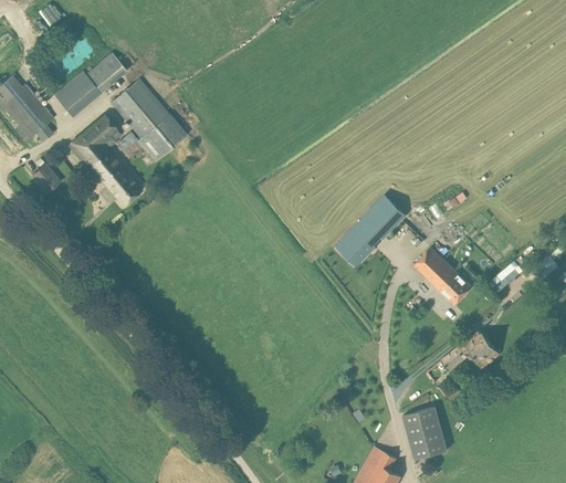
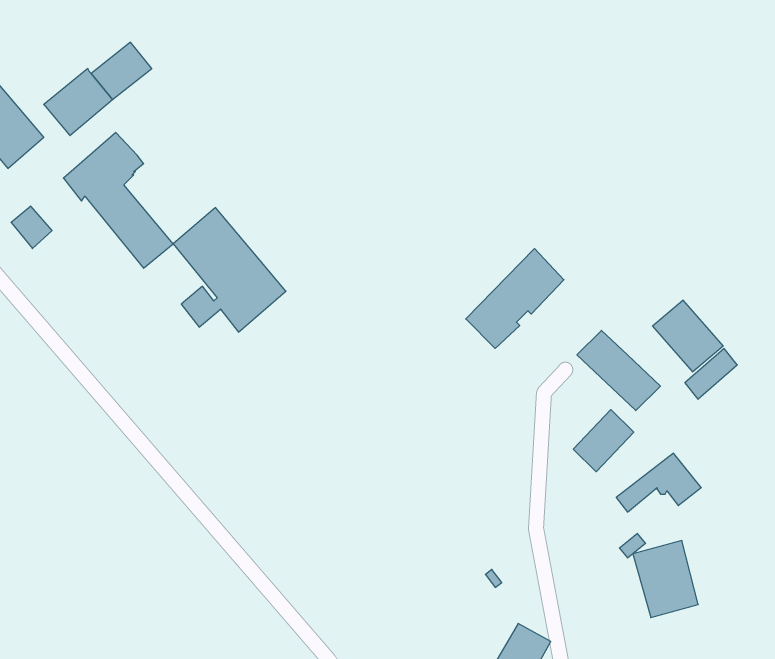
building: [111,78,187,162] -> [173,208,286,332]
building: none -> [653,300,723,372]
building: none -> [573,410,634,472]
building: [402,408,447,460] -> [633,541,698,618]

